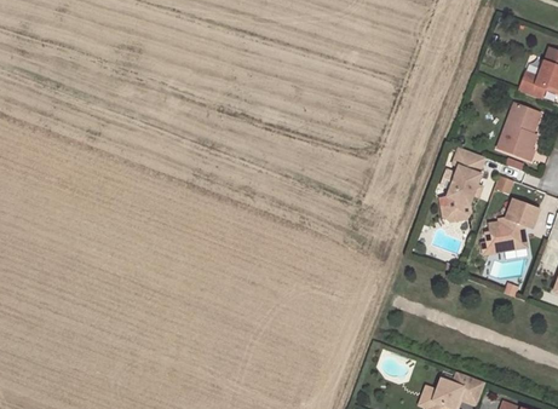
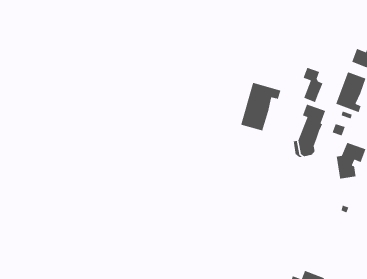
building: none -> [302,67,323,103]
building: none -> [240,82,281,131]

